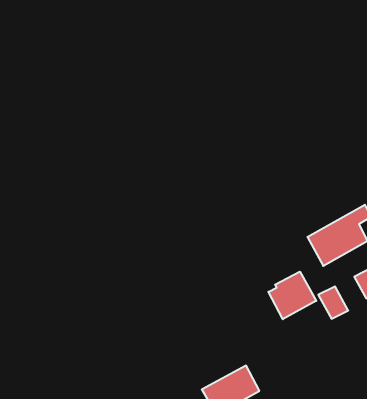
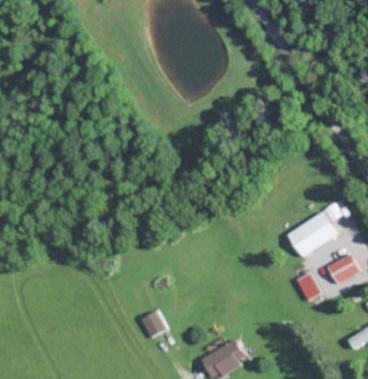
building: [268,272,316,319] -> none
building: none -> [140,310,166,337]

